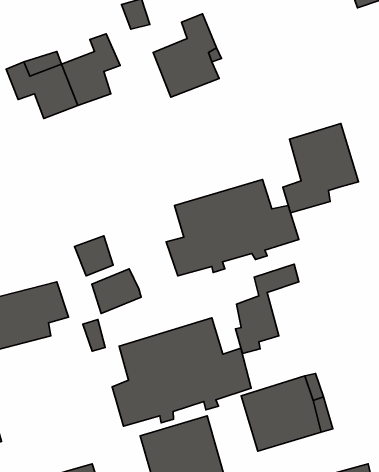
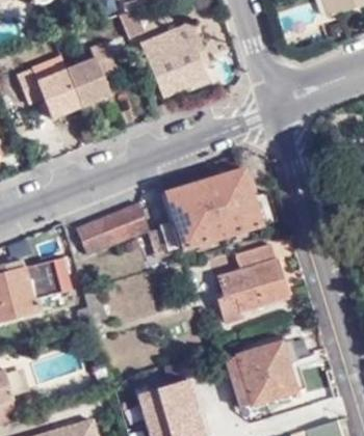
building: [283,124,358,213] -> none
building: [92,269,141,314] -> [103,205,147,244]
building: none -> [248,258,286,306]
building: [112,318,251,426] -> none

